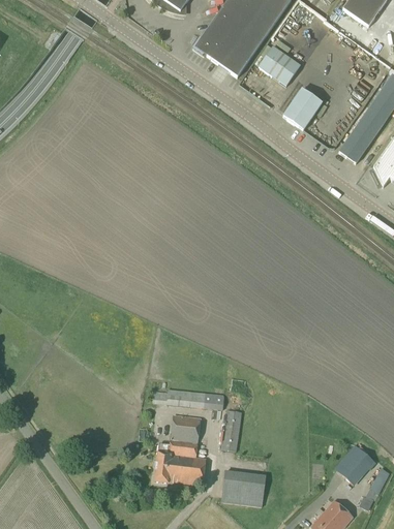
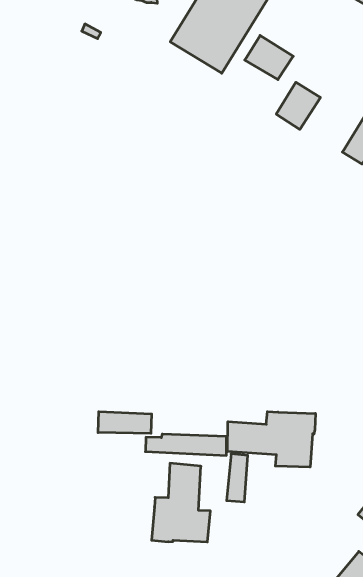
building: none -> [98,412,152,433]
building: none -> [227,412,315,467]
building: [221,469,266,505] -> none

